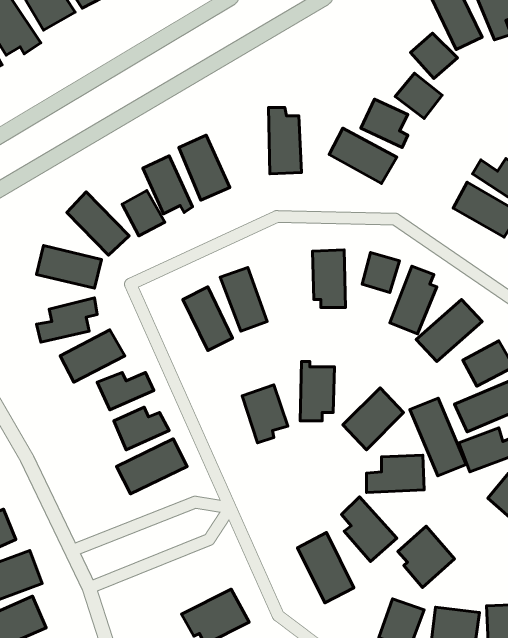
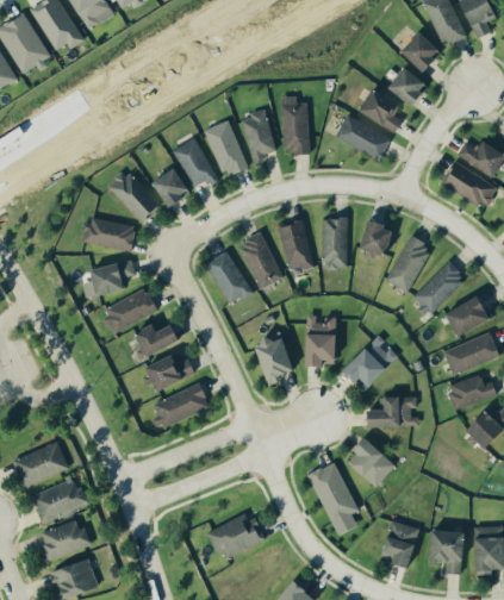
building: none -> [238,111,276,165]
building: none -> [276,221,313,271]
building: [410,398,466,476] -> none
building: [398,526,454,588] -> none

